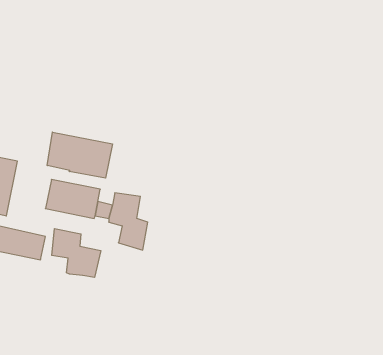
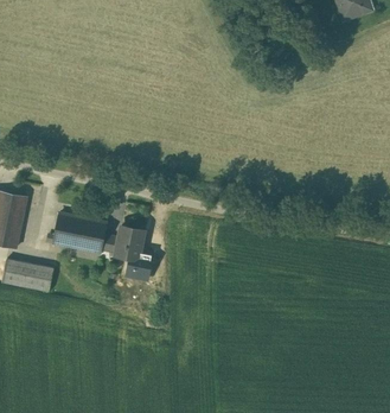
building: [47,132,112,178] -> none
building: [52,229,101,277] -> none

